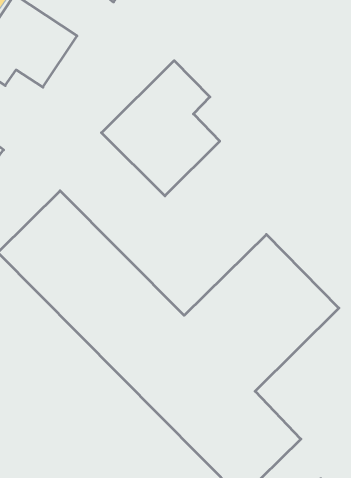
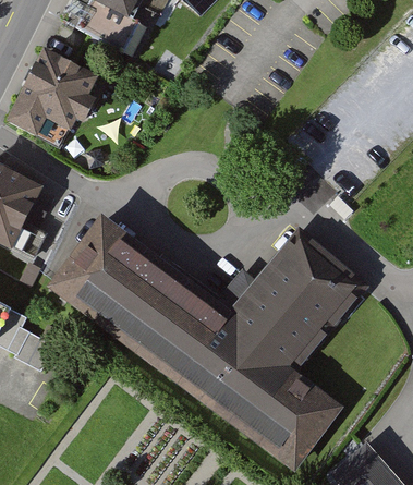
building: [101,61,220,196] -> none

